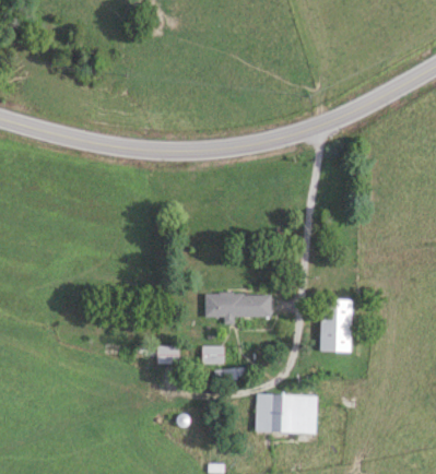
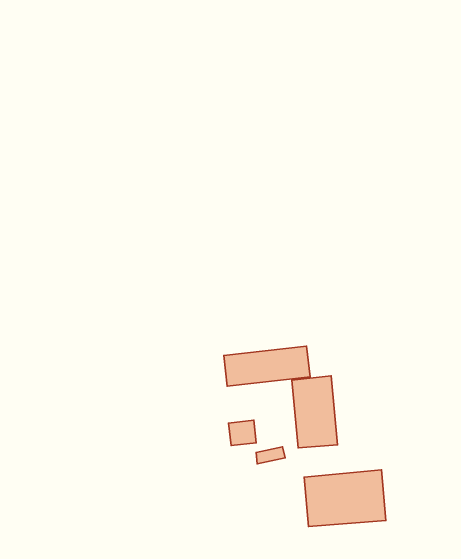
building: [319,299,351,353] -> [292,376,338,448]
building: [156,346,180,365] -> none

